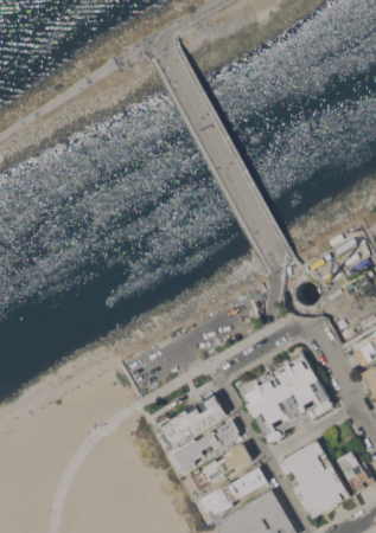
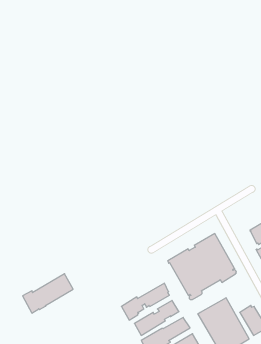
building: [157,393,227,448] -> [23,274,73,313]

